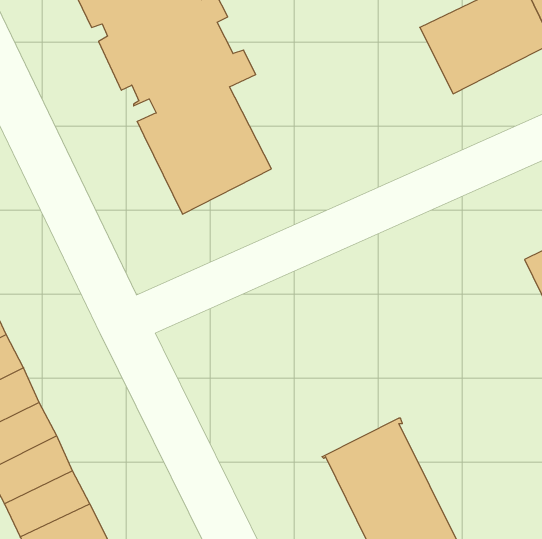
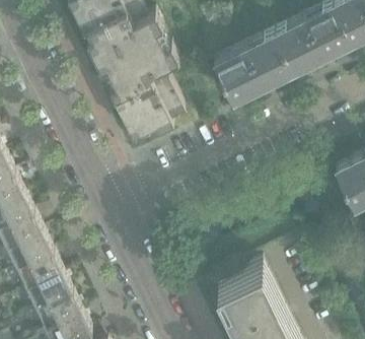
building: none -> [213,38,292,106]

